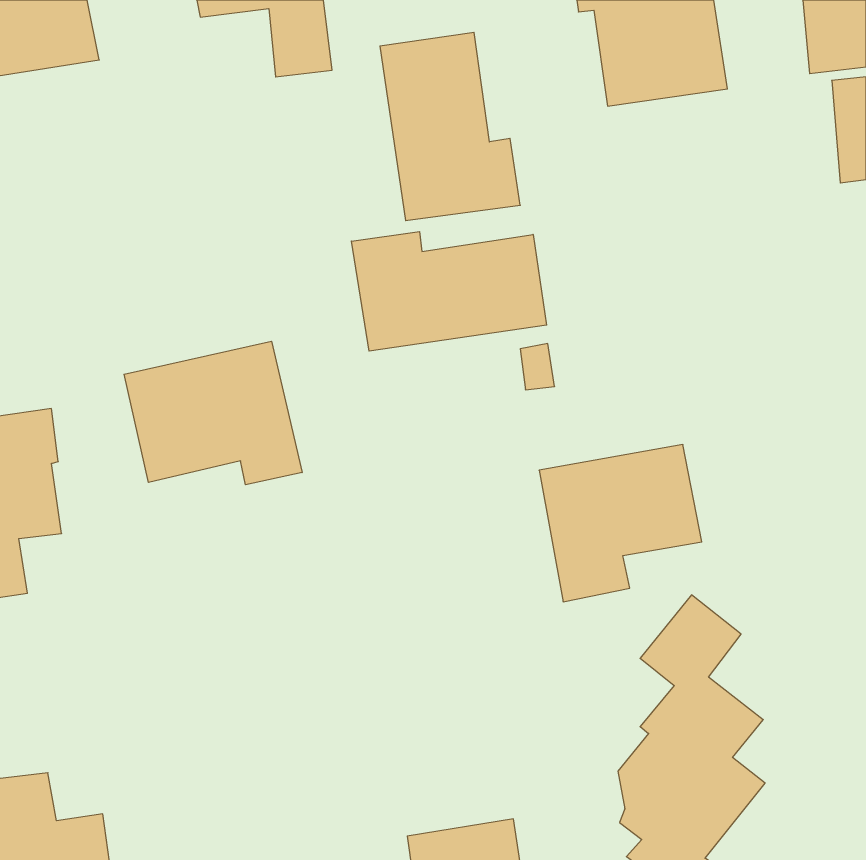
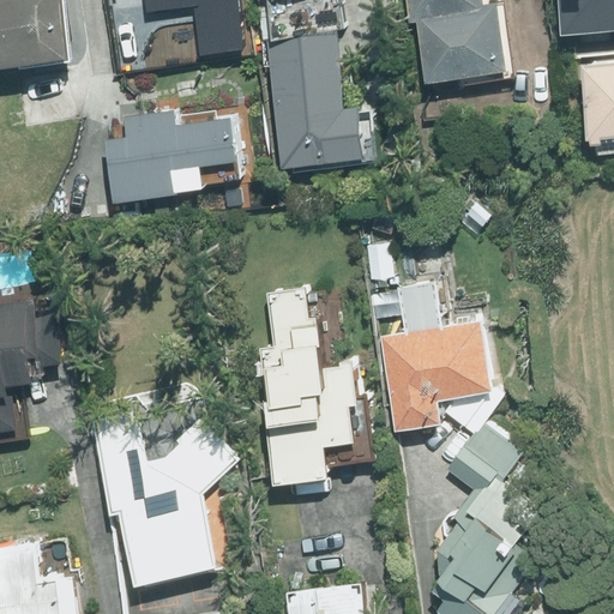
building: none -> [113,109,233,198]
building: [351,232,547,351] -> none
building: [124,341,302,485] -> none
building: none -> [261,291,357,482]
building: none -> [91,415,236,582]

